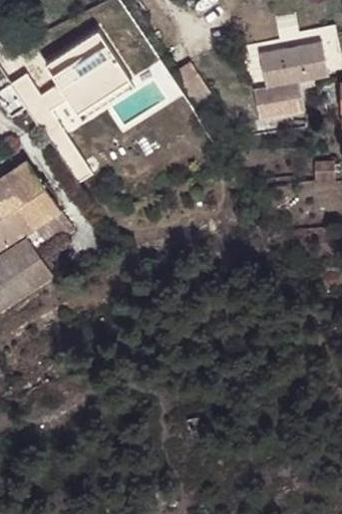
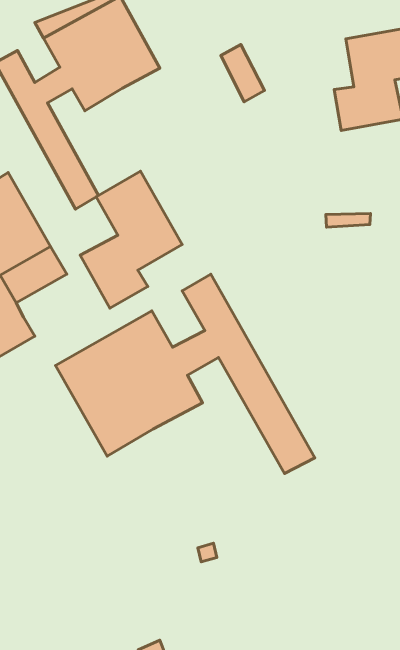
building: none -> [80,171,182,308]
building: none -> [56,274,315,474]

